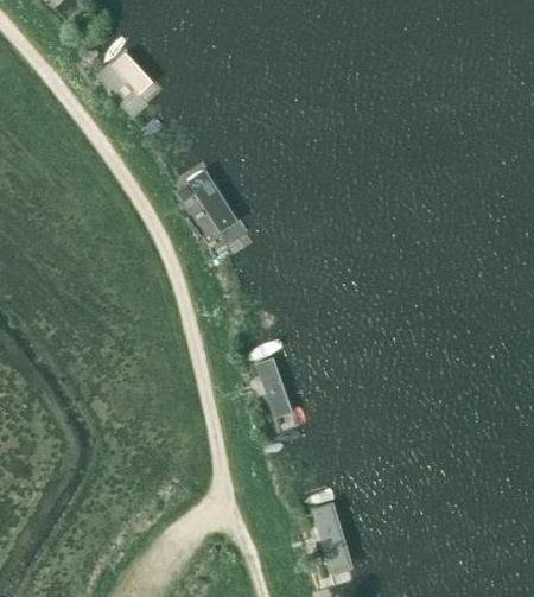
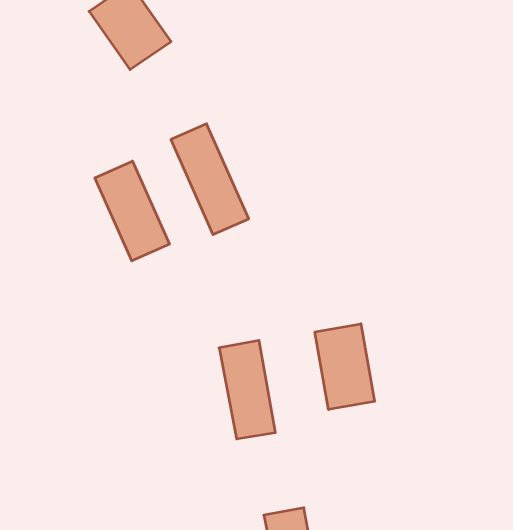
building: none -> [95,161,169,261]
building: none -> [315,324,375,410]

